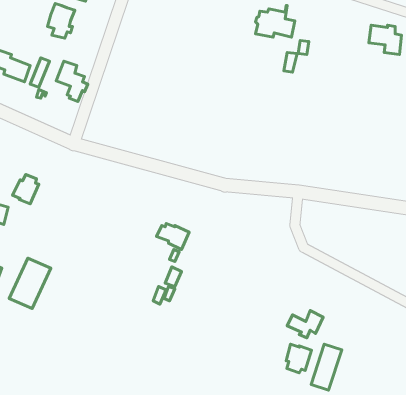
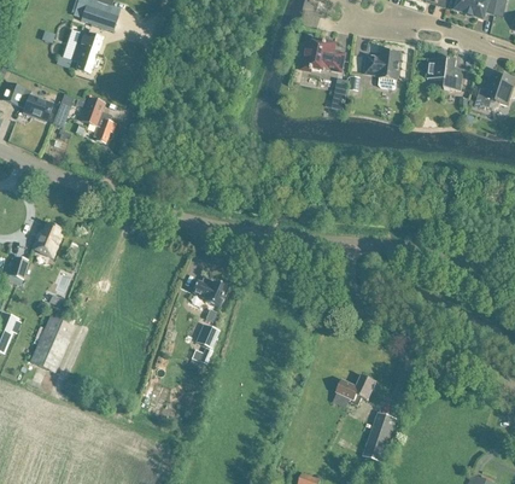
building: none -> [365,48,400,87]
building: [286,344,312,373] -> none

